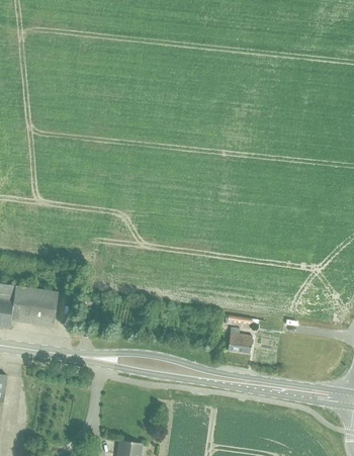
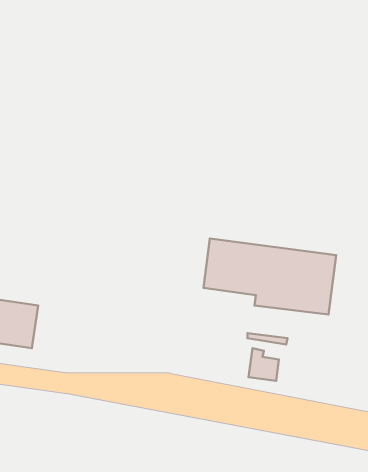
building: none -> [203,239,336,315]

